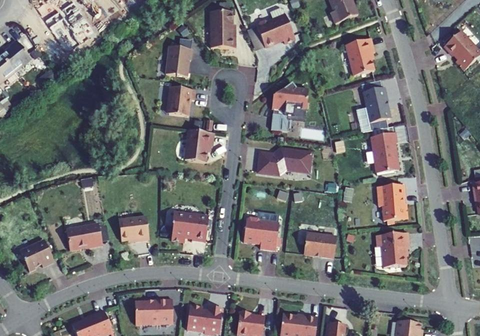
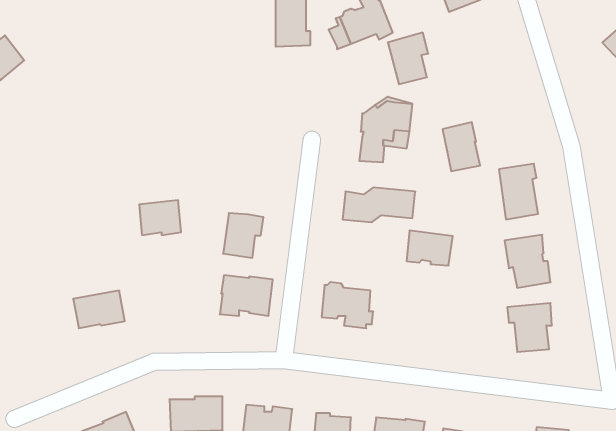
building: [346,38,375,75] -> [388,33,428,84]
building: [166,46,192,76] -> none
building: [167,87,196,116] -> none
building: [364,87,391,122] -> [443,122,480,171]
building: [185,130,214,162] -> [223,213,264,258]
building: [119,216,149,241] -> [139,200,181,235]
building: [304,232,337,257] -> [407,231,453,265]
building: [20,239,54,271] -> none

